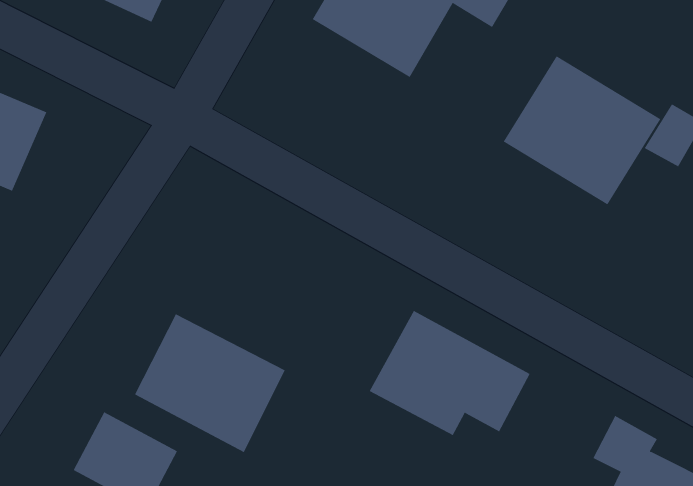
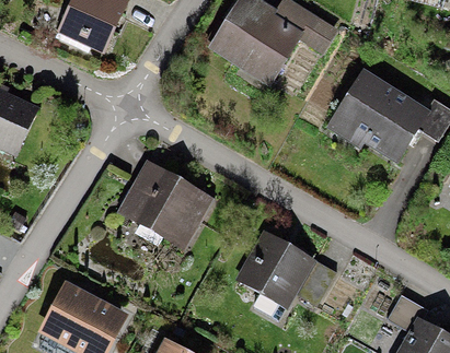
building: [134,314,286,453] -> [122,158,218,247]

